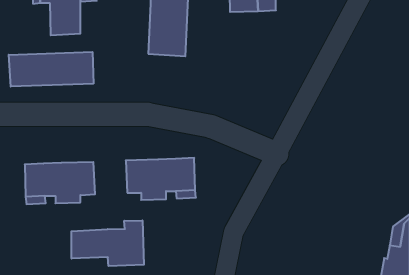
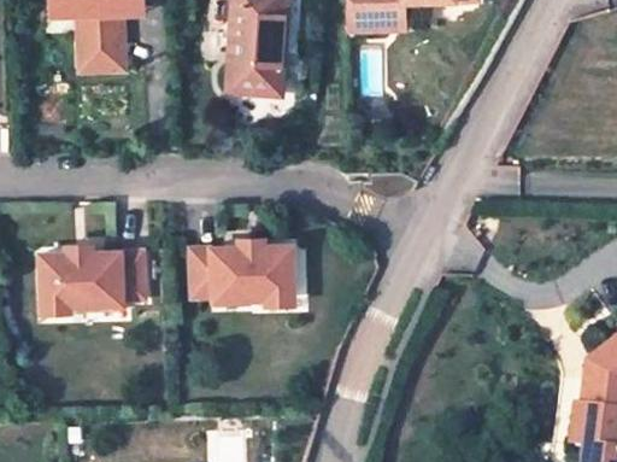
building: [9,52,93,87] -> none
building: [71,220,144,266] -> none

